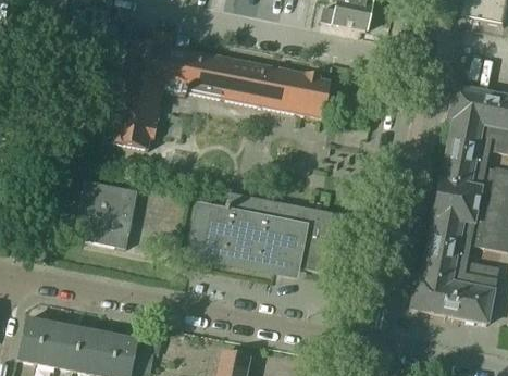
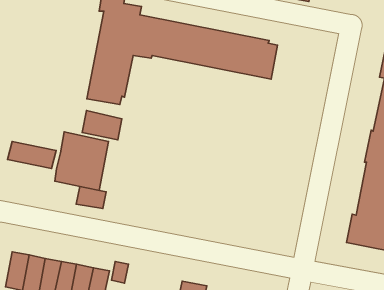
building: none -> [82,110,122,140]
building: none -> [8,141,56,169]
building: [190,192,334,272] -> none
building: none -> [76,187,106,209]

